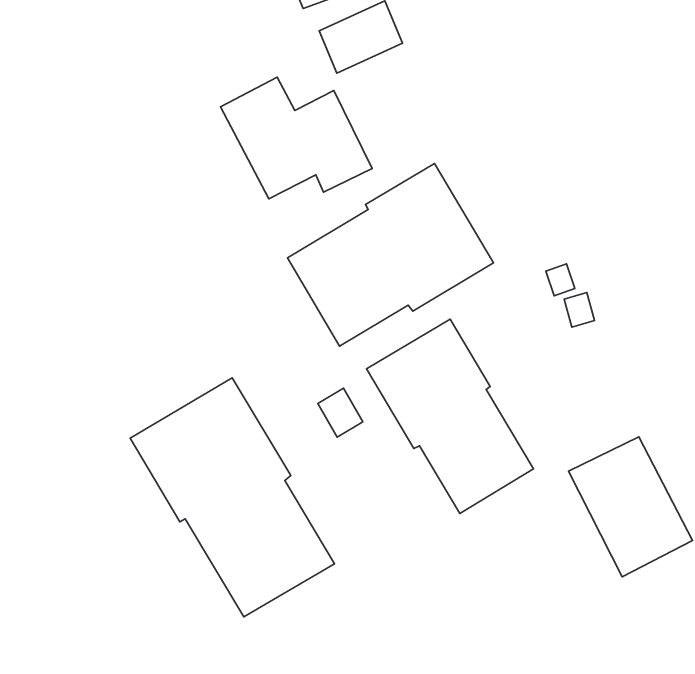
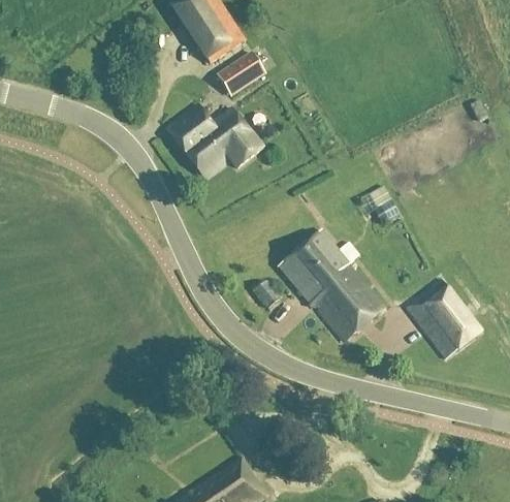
building: [288,163,493,346] -> none
building: [130,378,334,617] -> none

